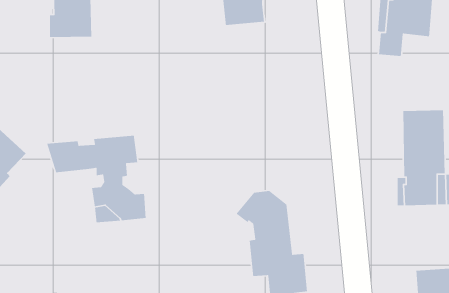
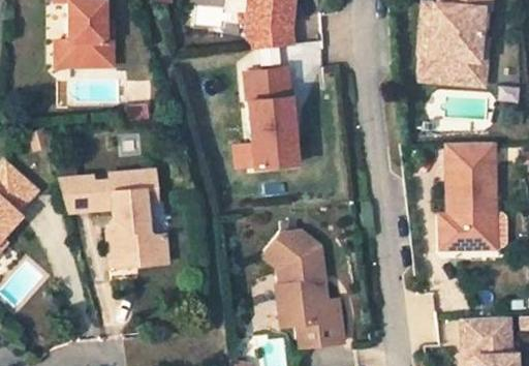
building: none -> [446,39,488,87]
building: none -> [246,69,298,169]

